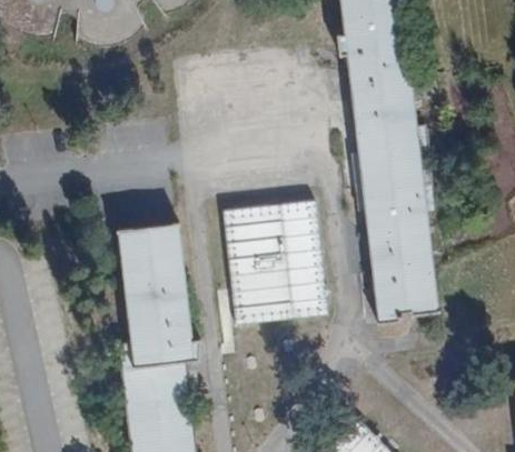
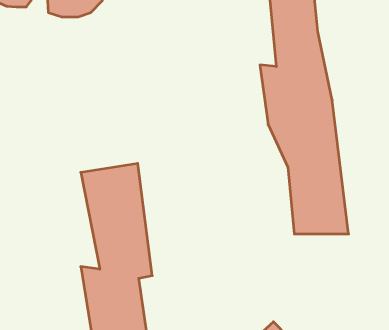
building: [220,200,324,322] -> none

